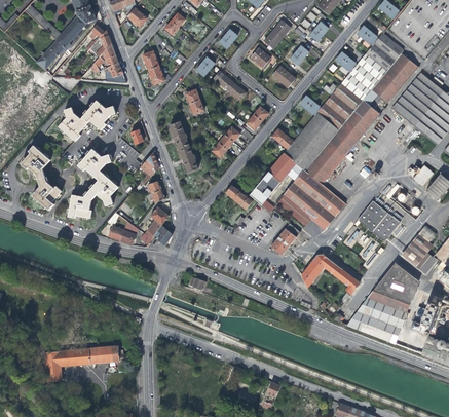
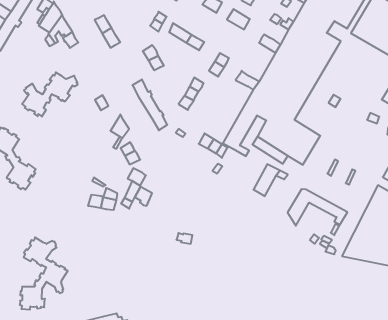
building: [67,148,119,218] -> [20,237,68,310]
building: [357,198,400,239] -> none

